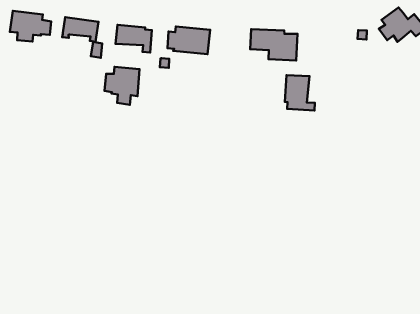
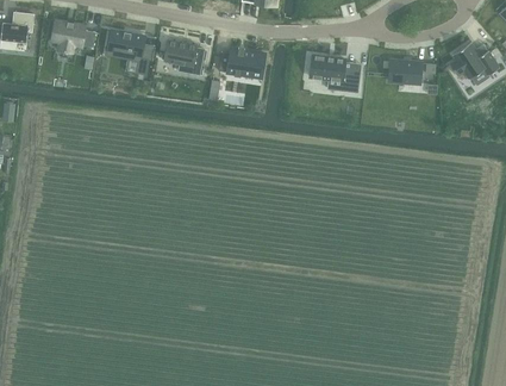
building: none -> [388,58,423,83]
building: [105,67,139,105] -> none
building: [285,75,315,110] -> none

